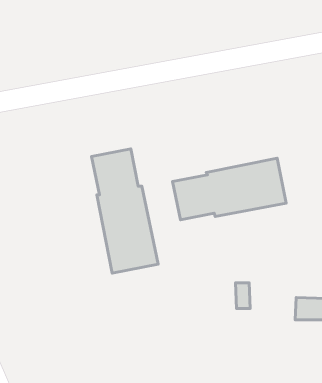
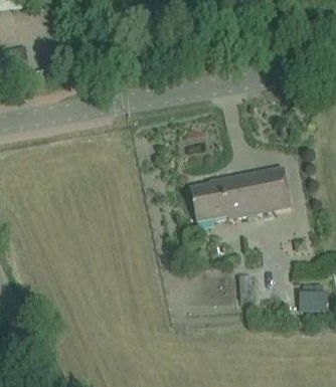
building: [92,149,158,273] -> none

